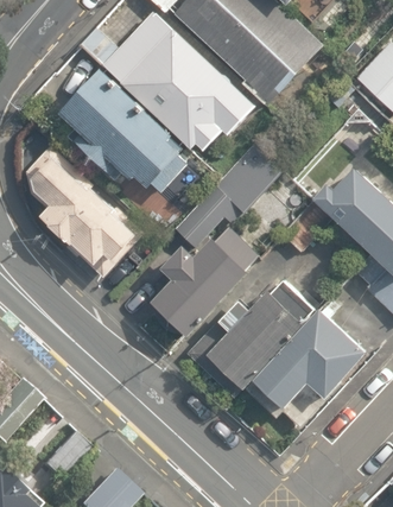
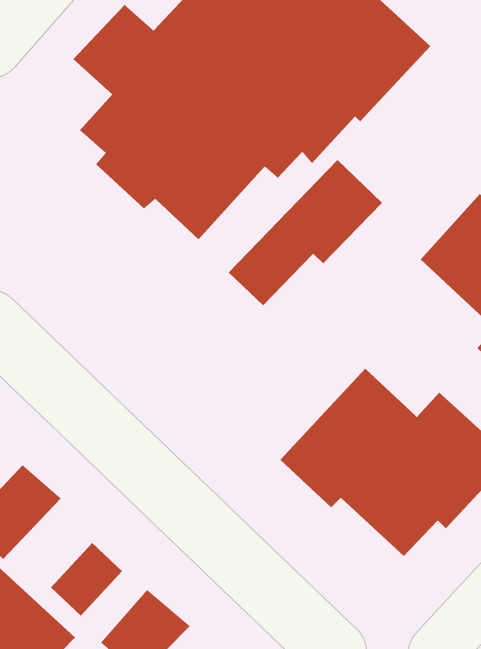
building: [21,144,144,277] -> none
building: [146,223,259,349] -> none

